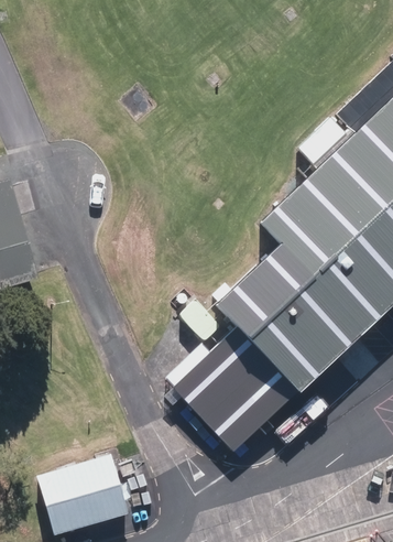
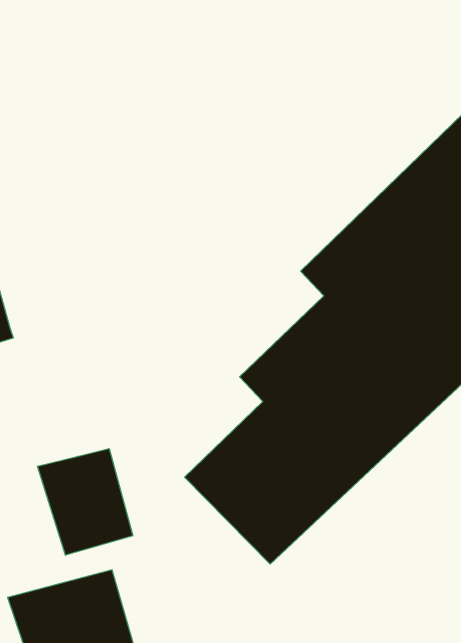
building: none -> [38,449,133,555]

